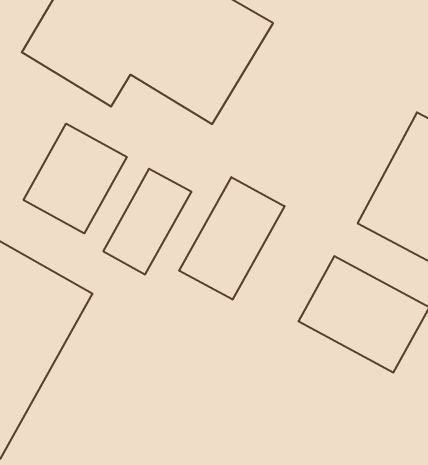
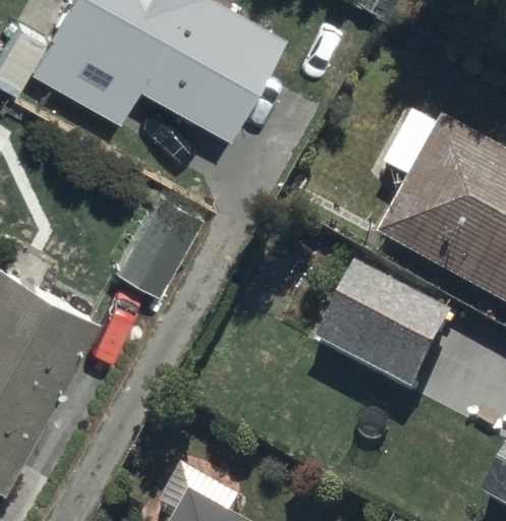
building: [24,124,127,233] -> none
building: [179,177,285,300] -> none

